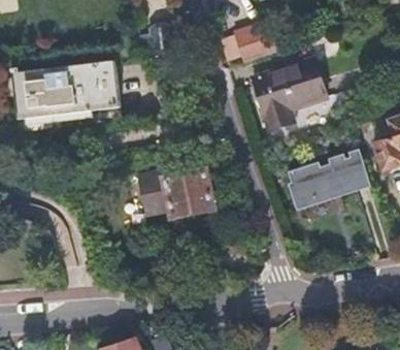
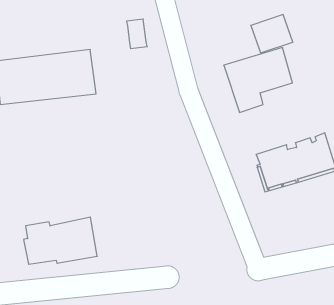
building: [235,21,279,61] -> [251,15,293,53]
building: [134,168,211,218] -> [24,217,97,264]

